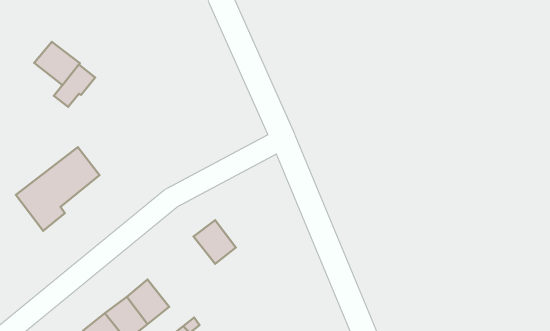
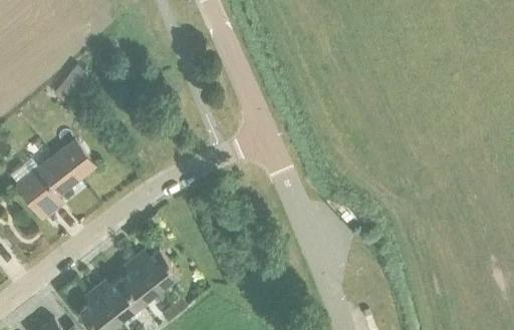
building: [34,42,80,85] -> none
building: [193,220,236,264] -> [138,249,177,289]

